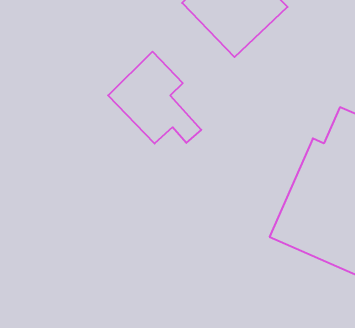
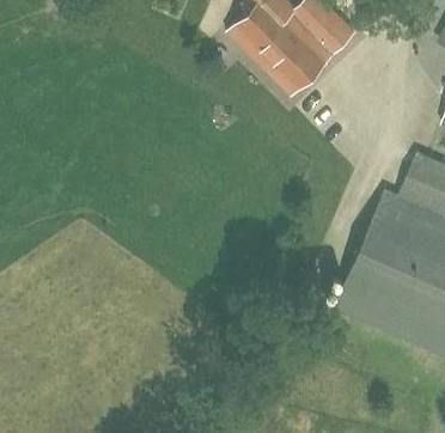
building: [108,52,201,144] -> none

